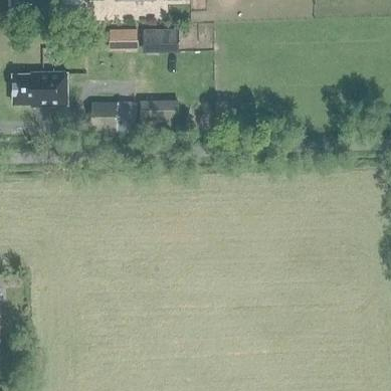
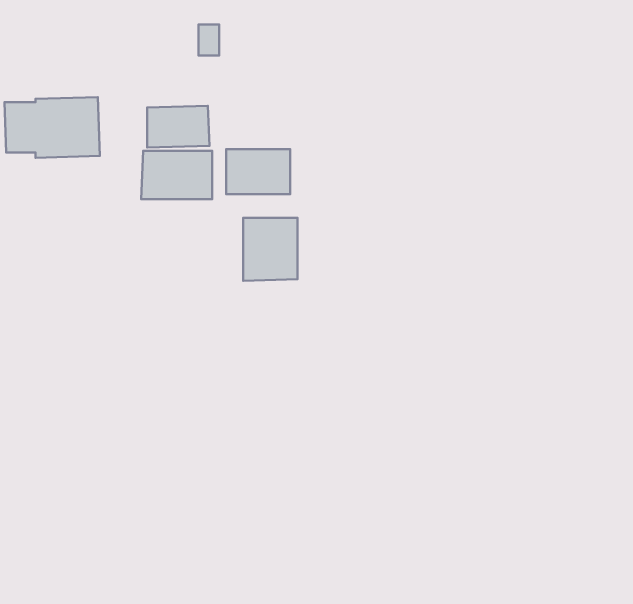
building: [141,27,177,51] -> [147,106,210,147]
building: none -> [243,218,297,281]

